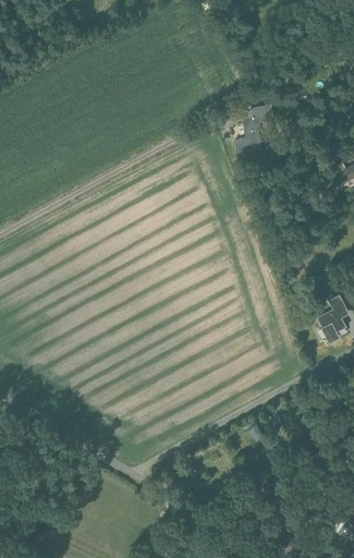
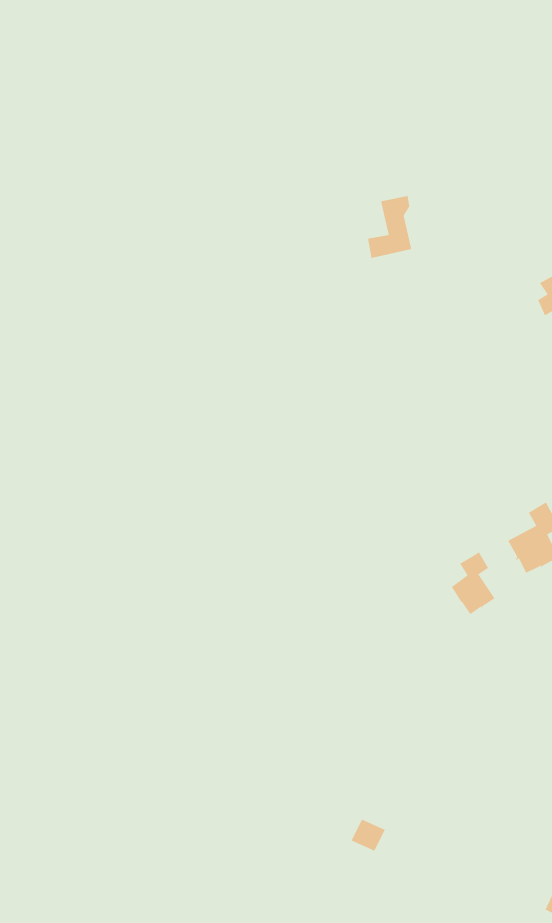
building: none -> [451,551,495,615]

